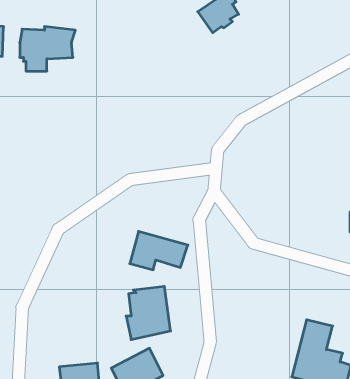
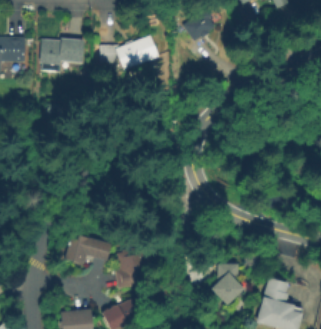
building: none -> [96,35,153,73]
building: [130,231,188,270] -> [67,233,114,264]
building: none -> [209,261,243,304]

